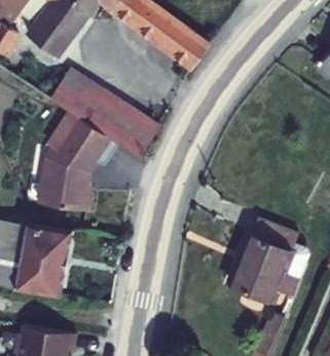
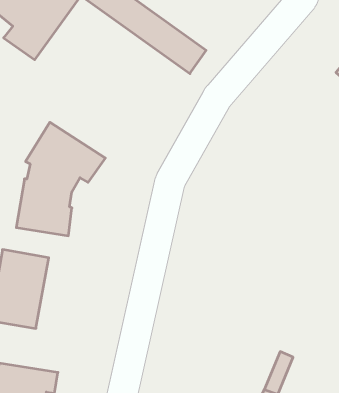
building: [51,70,158,156] -> none
building: [230,216,299,301] -> none

